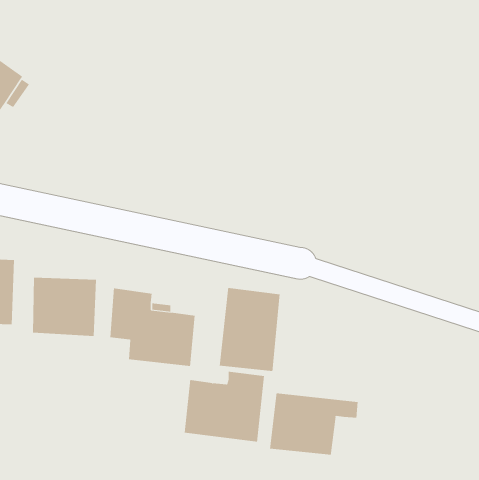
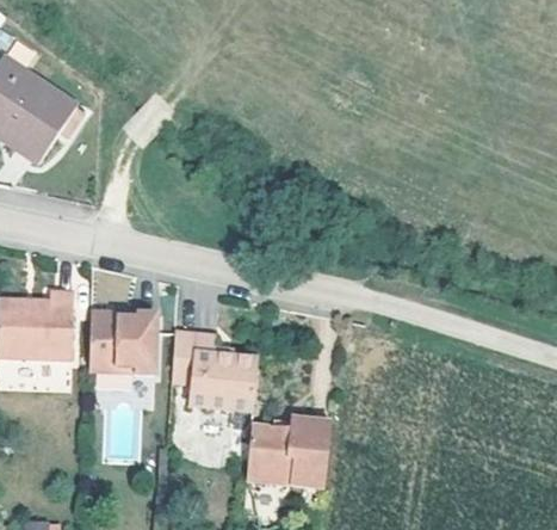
building: [219,287,280,372] -> none
building: [269,393,358,455] -> none

